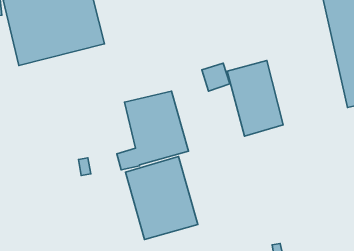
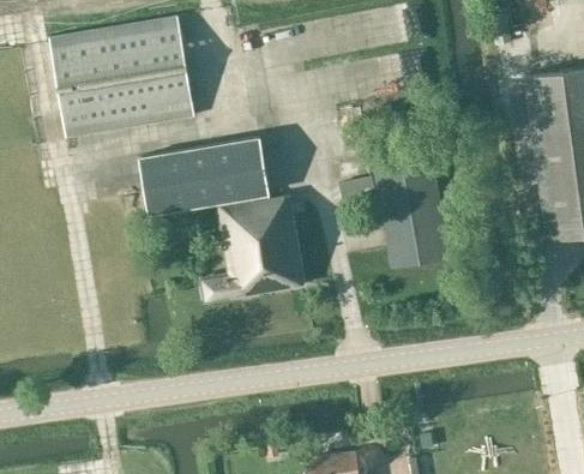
building: none -> [139,138,269,215]
building: [126,157,198,240] -> none

